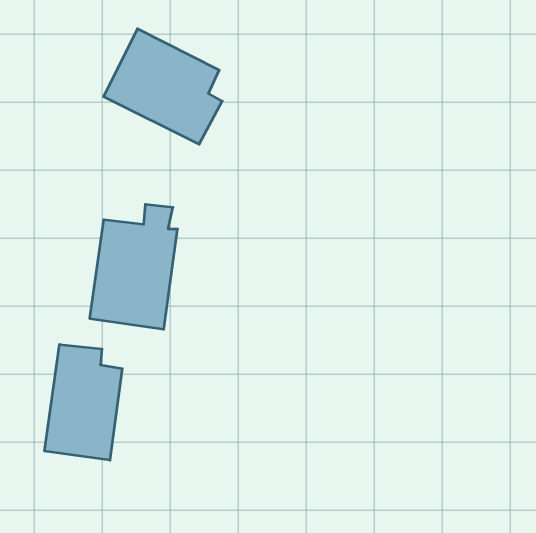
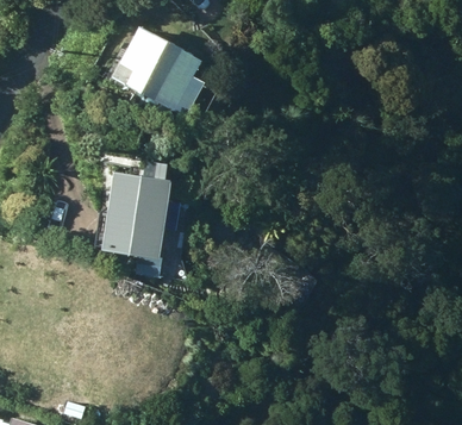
building: [45,344,122,460] -> none

